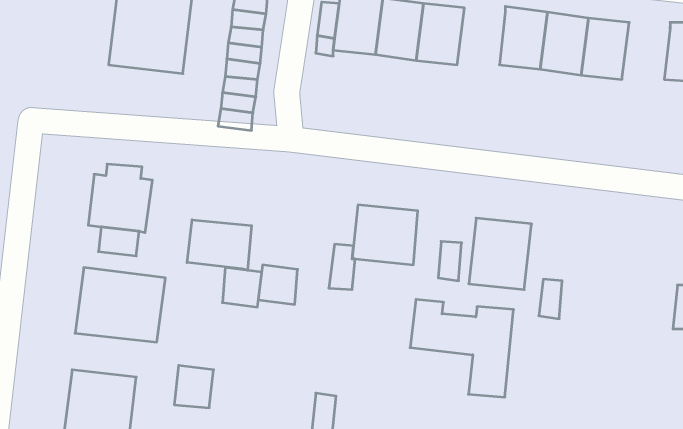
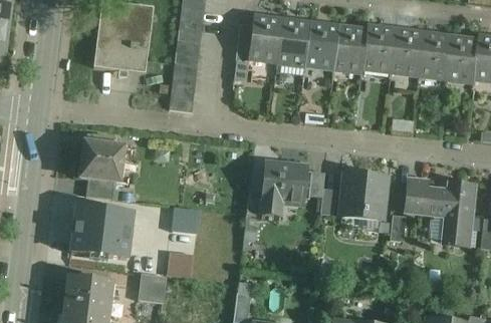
building: none -> [333,27,366,70]
building: none -> [447,37,480,80]
building: [187,220,252,270] -> none
building: [258,265,298,304] -> [167,251,194,278]
building: [410,299,514,397] -> [405,178,476,245]

